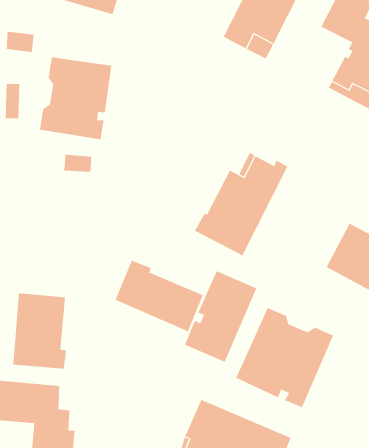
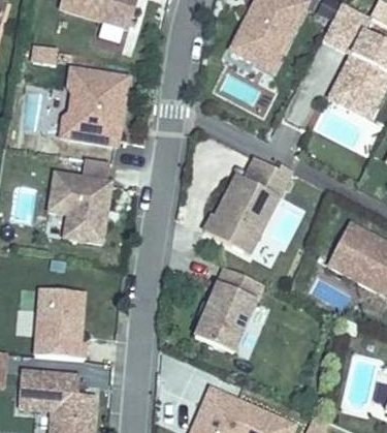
building: none -> [47,172,110,242]
building: [115,260,203,332] -> none
building: [236,307,334,408] -> none

